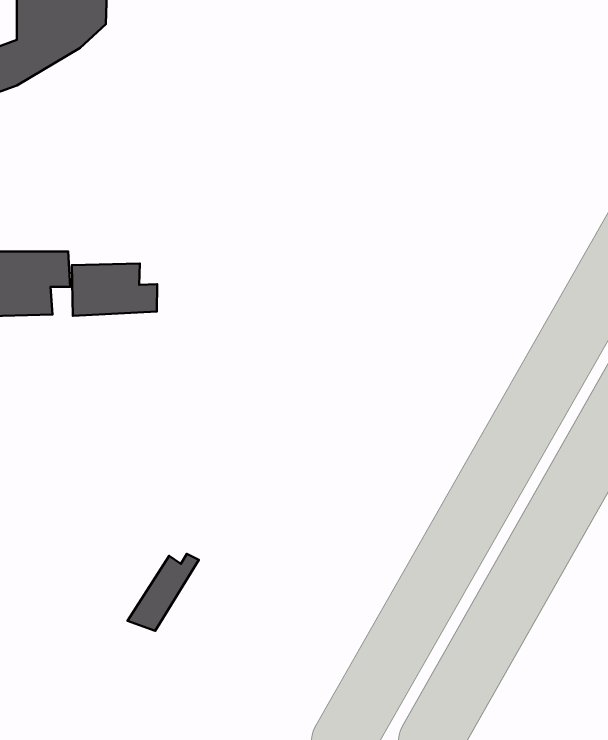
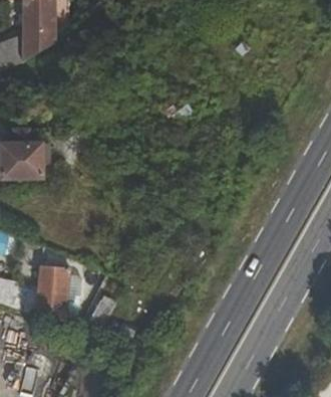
building: [72,263,157,316] -> none
building: none -> [35,265,67,317]

